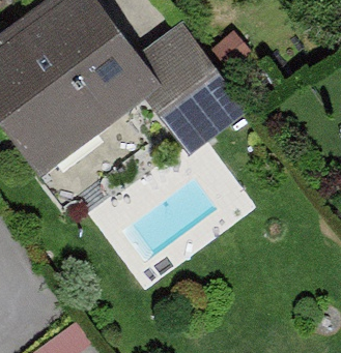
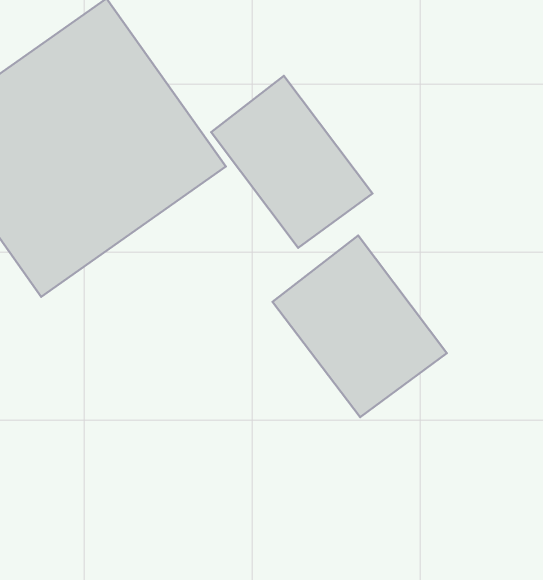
building: none -> [273,236,447,417]

